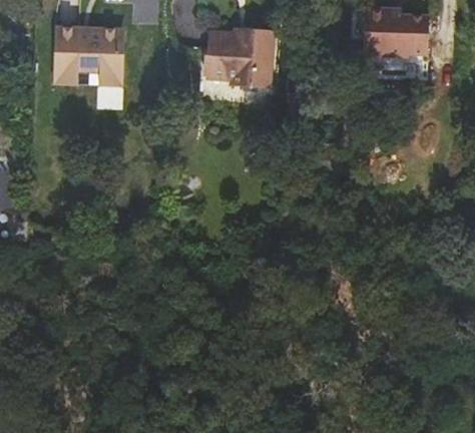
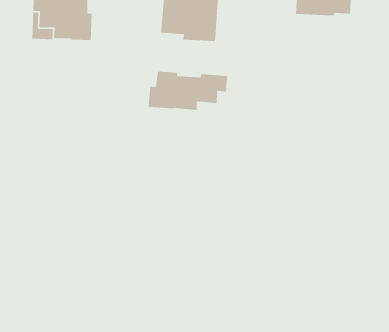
building: none -> [148,71,228,111]

